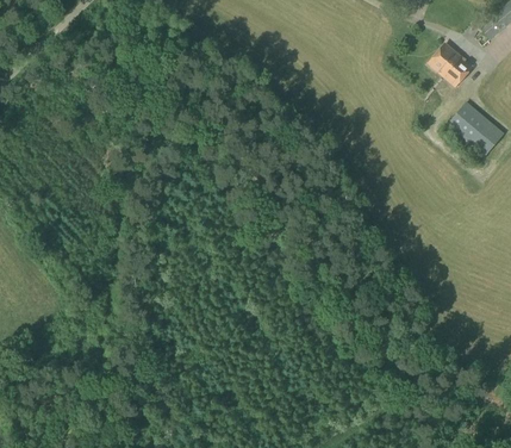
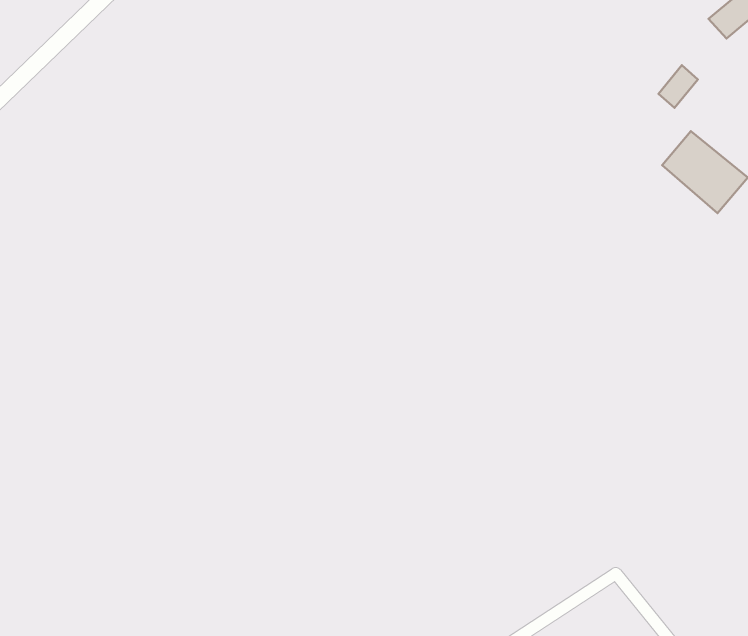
building: [429,42,461,75] -> none

